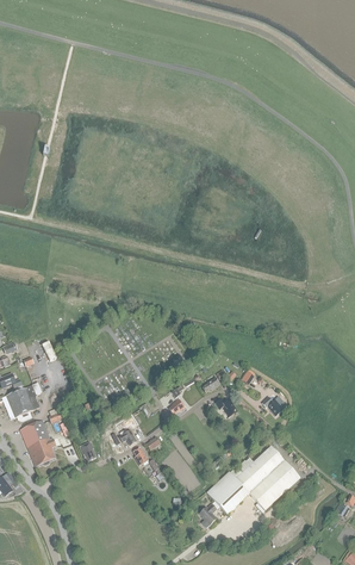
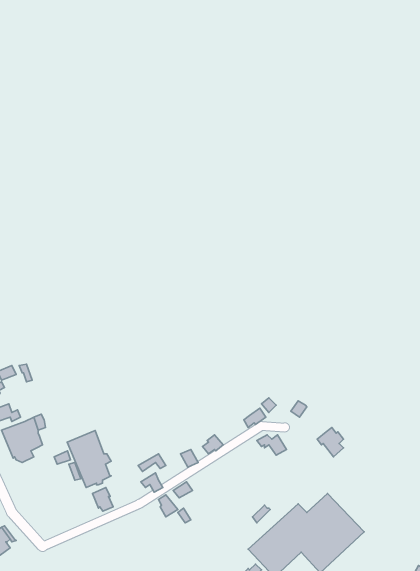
building: [19,420,55,466] -> [67,430,111,488]

